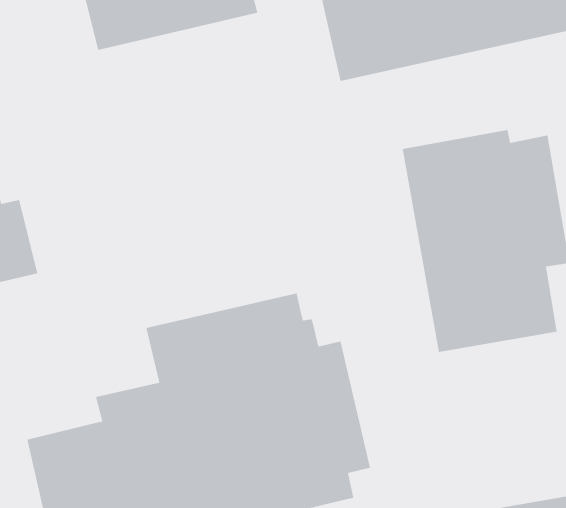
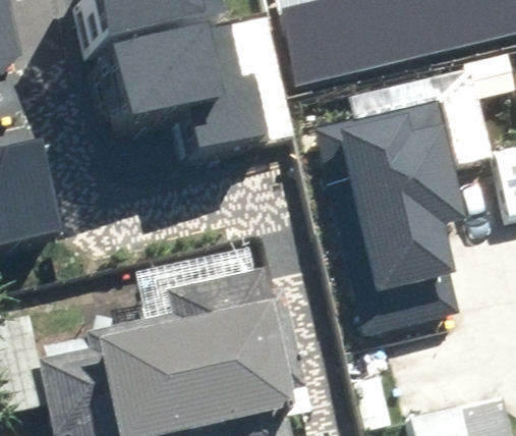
building: none -> [93,34,259,158]

